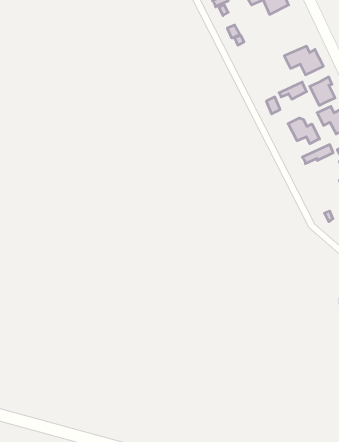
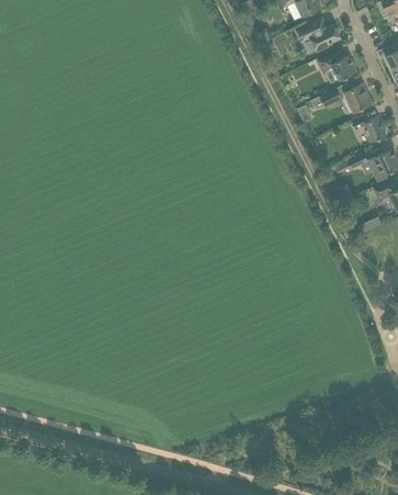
building: none -> [294,18,340,53]
building: [288,118,320,144] -> none

